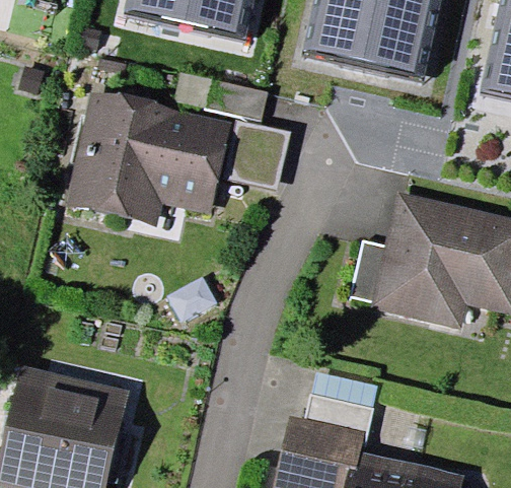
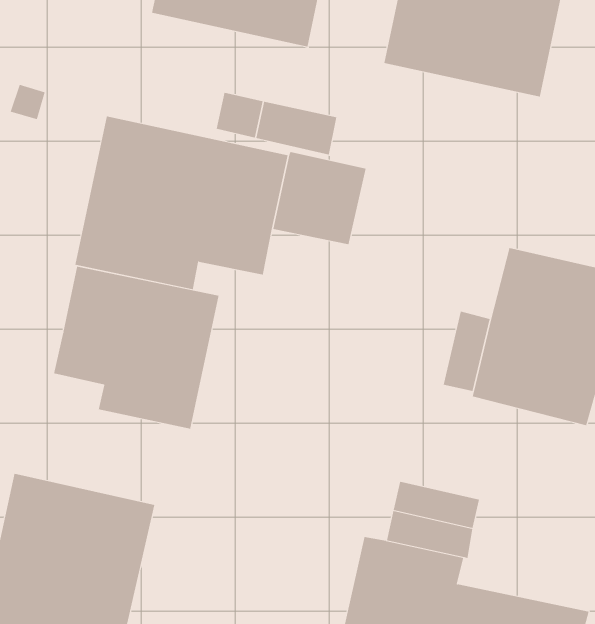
building: none -> [54,266,219,430]

